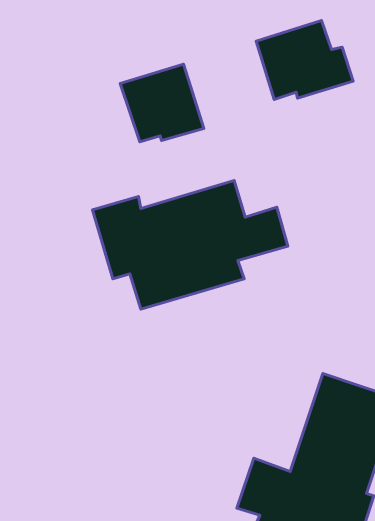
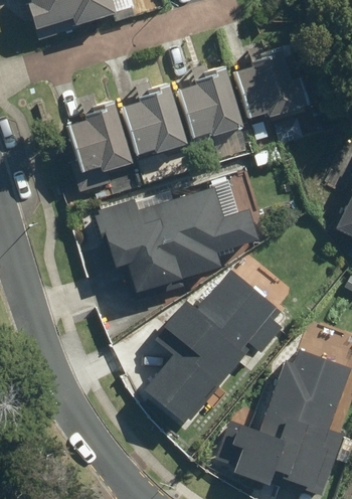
building: none -> [179,71,246,138]
building: none -> [64,107,136,173]
building: none -> [146,269,279,421]

